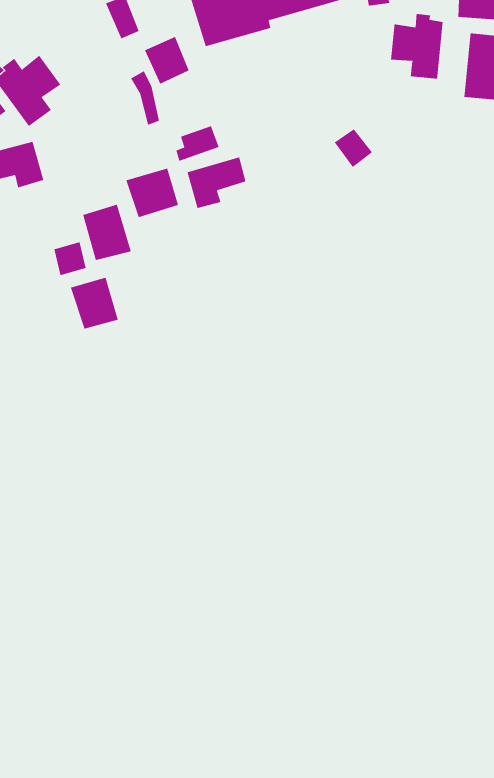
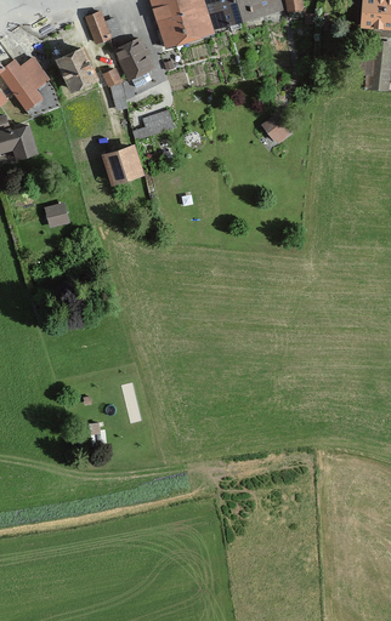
building: [391,13,443,80] -> none
building: none -> [53,47,97,95]
building: [187,156,246,209] -> none
building: [82,204,131,261] -> none
building: [70,277,118,330] -> none

